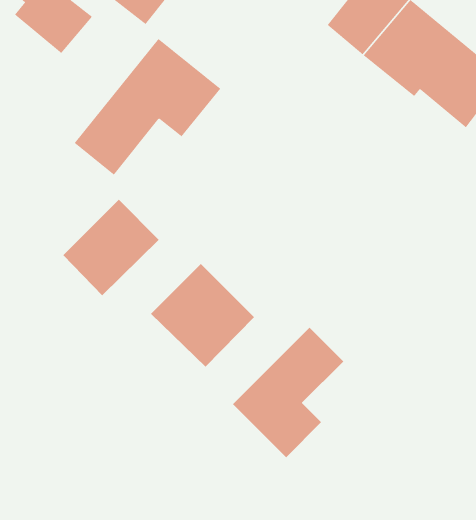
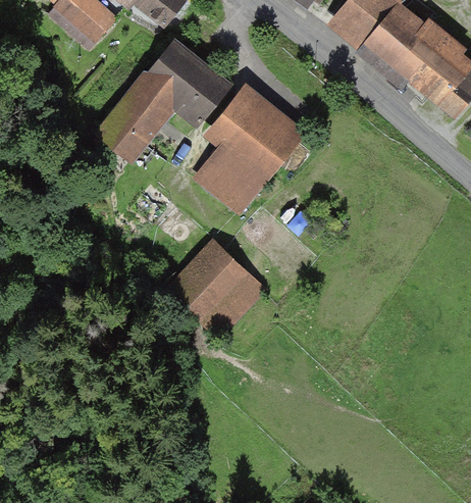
building: none -> [194,84,305,212]
building: [62,199,160,296] -> none
building: [232,327,344,458] -> none

